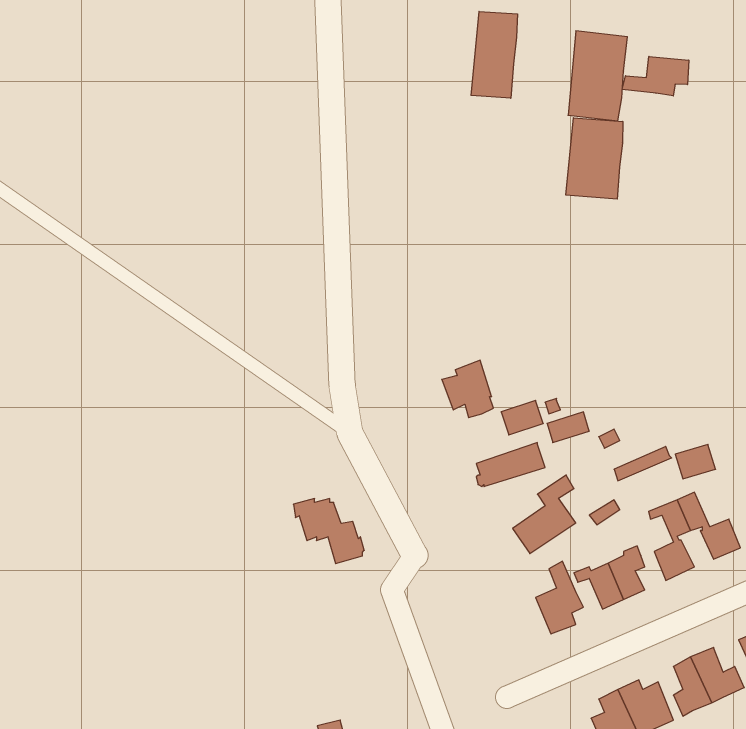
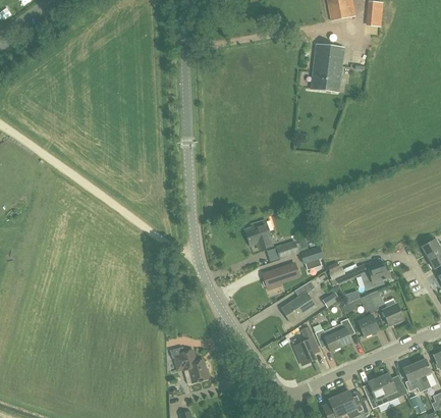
building: [471,11,517,98] -> none
building: [622,56,689,96] -> none
building: [566,118,623,199] -> none
building: [293,499,364,564] -> [170,347,208,381]

